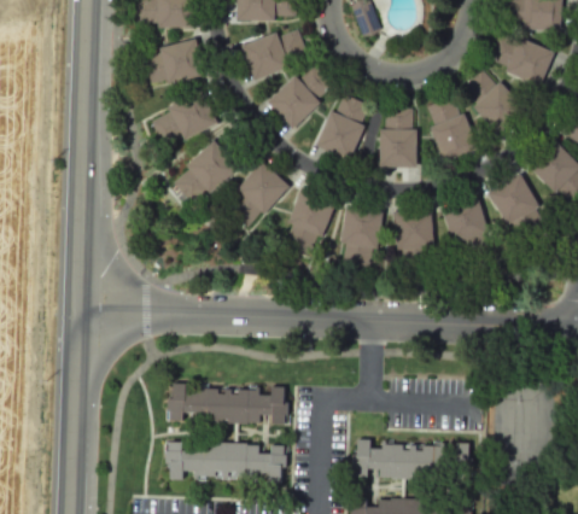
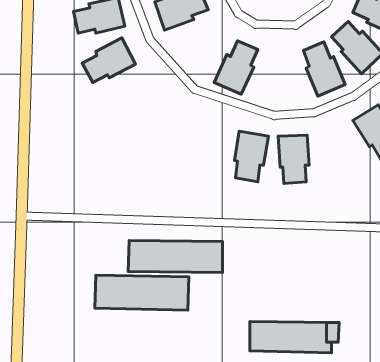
building: [268,64,333,127] -> none
building: [380,107,418,167] -> none
building: [174,140,239,203] -> none
building: [227,162,290,227] -> none
building: [285,187,337,253] -> none
building: [442,189,489,255] -> none
building: [165,444,282,484] -> [128,240,222,273]

